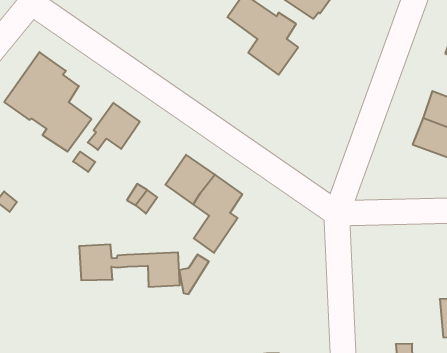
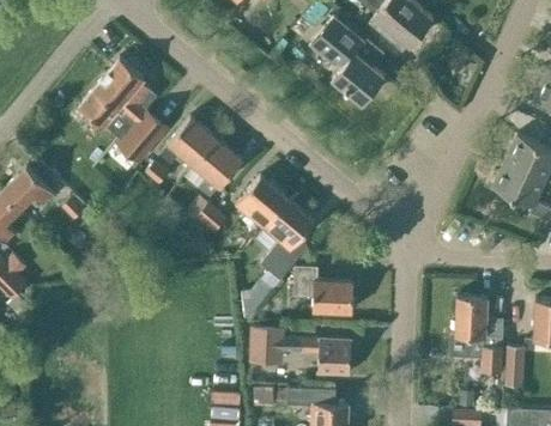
building: none -> [194,139,242,196]
building: none -> [295,267,353,312]
building: [79,245,180,287] -> [249,327,351,376]
building: none -> [449,297,502,373]

